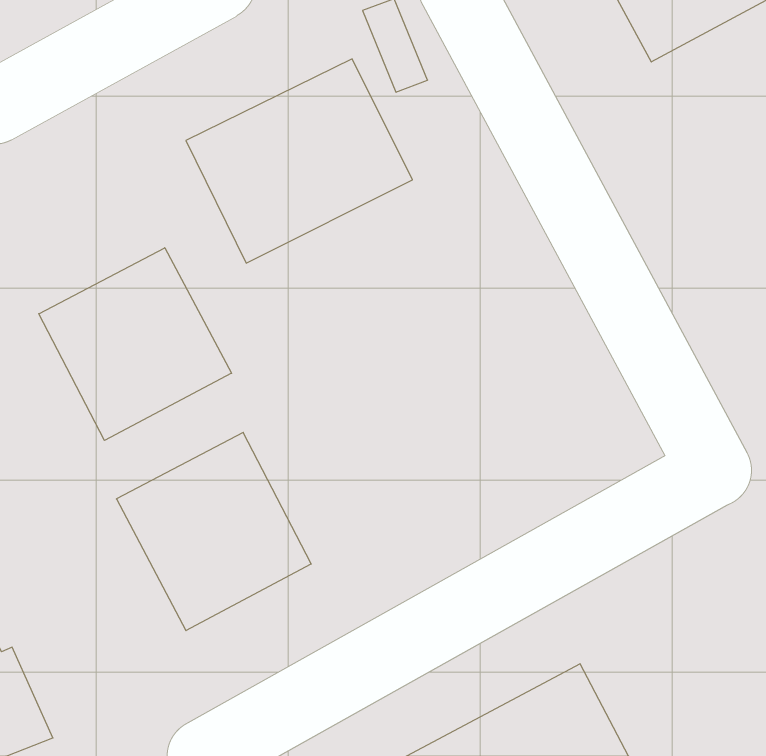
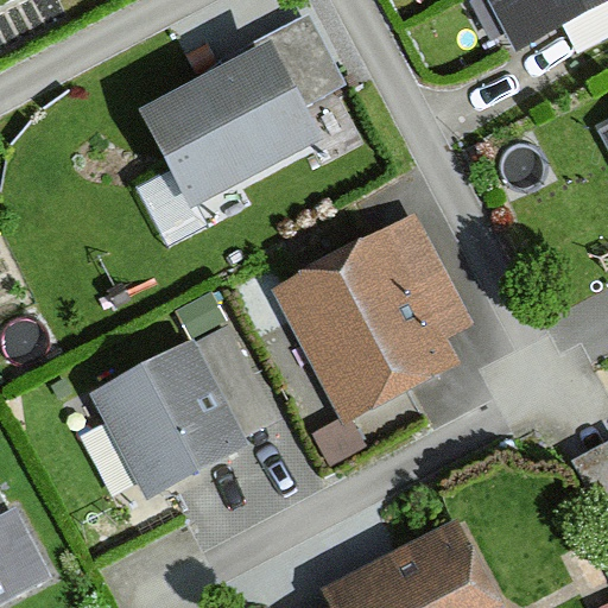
building: [39,248,232,440] -> none
building: none -> [272,217,464,419]

